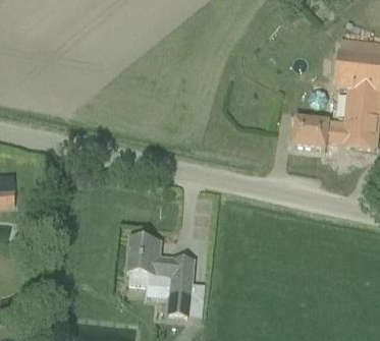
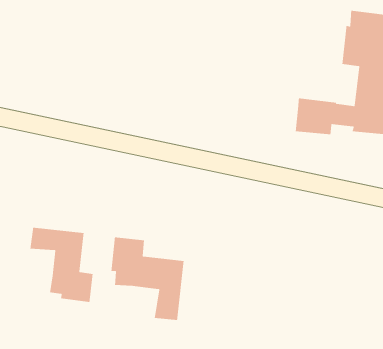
building: none -> [30,227,94,303]

